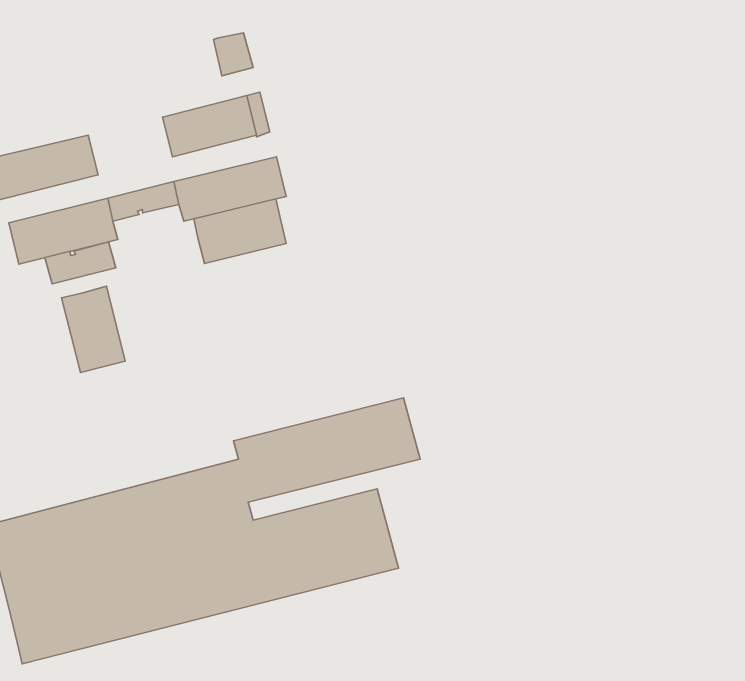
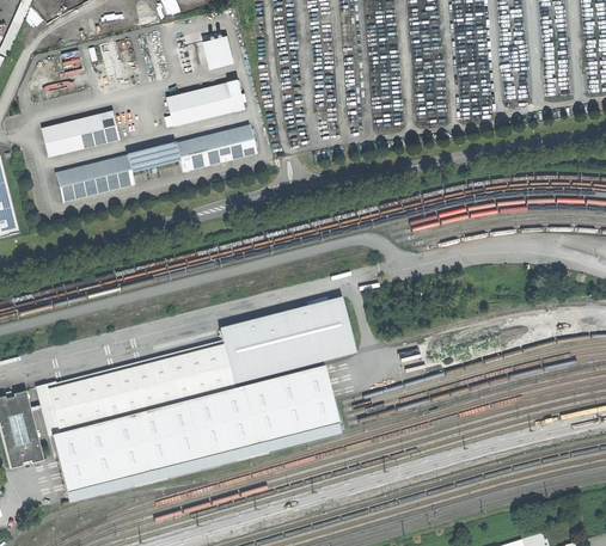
building: [194,199,286,263] -> none
building: [45,242,116,284] -> none
building: [62,286,125,373] -> none

